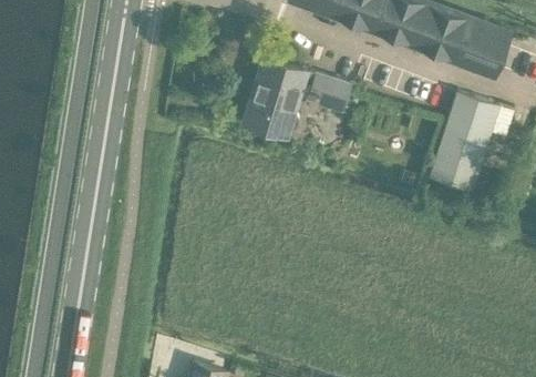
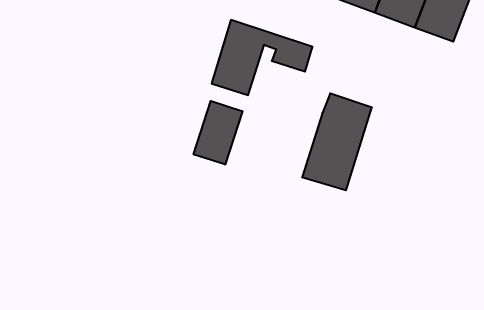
building: [429,93,501,193] -> [302,93,372,190]
building: none -> [194,101,242,165]

